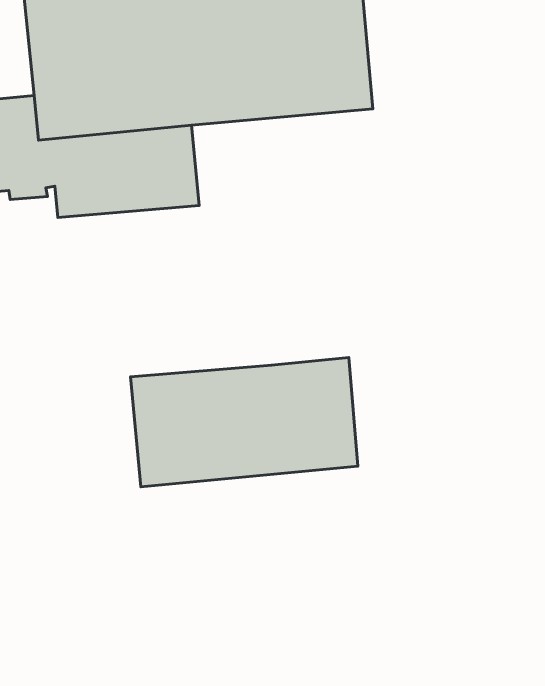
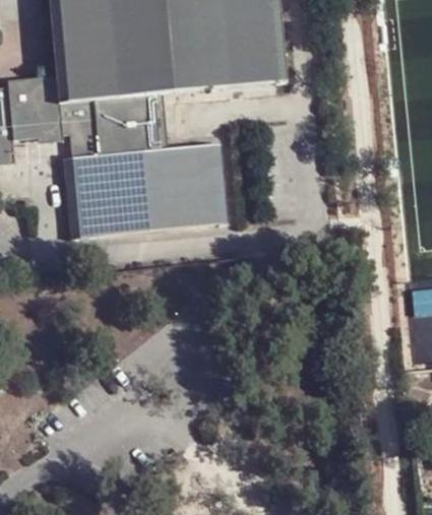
building: [130,358,358,487] -> [70,143,226,232]

